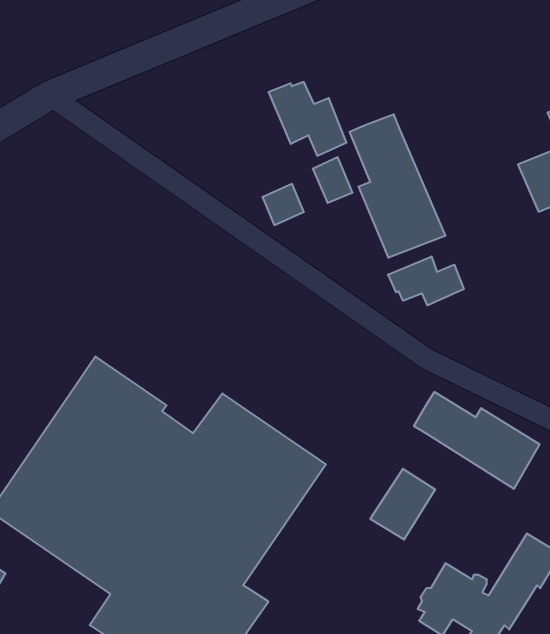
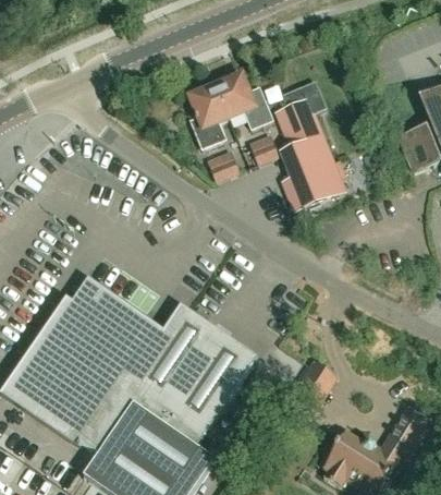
building: none -> [188,82,231,148]
building: [388,256,464,305] -> none
building: [414,392,540,489] -> none

